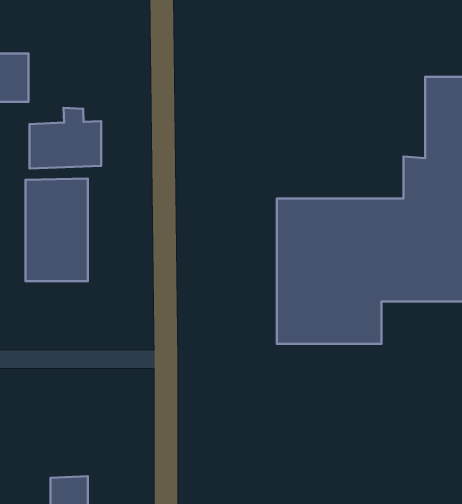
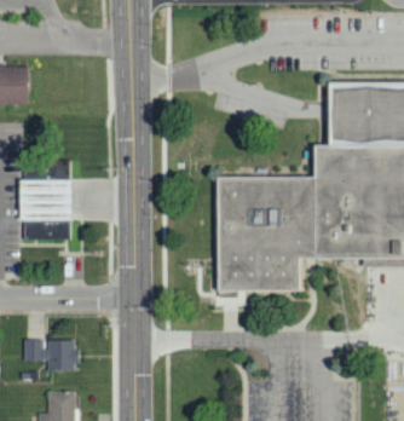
building: [29,108,101,169] -> none
building: none -> [19,340,74,371]

